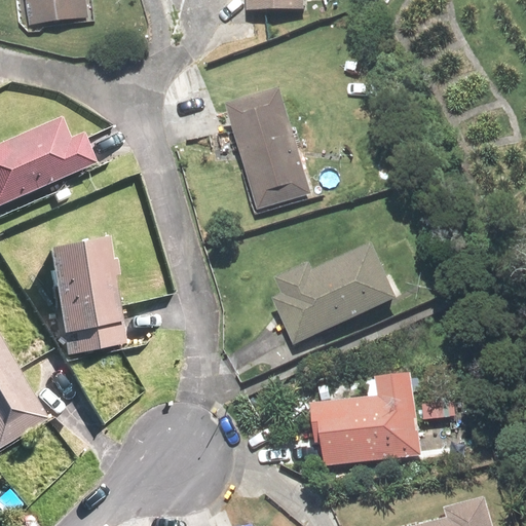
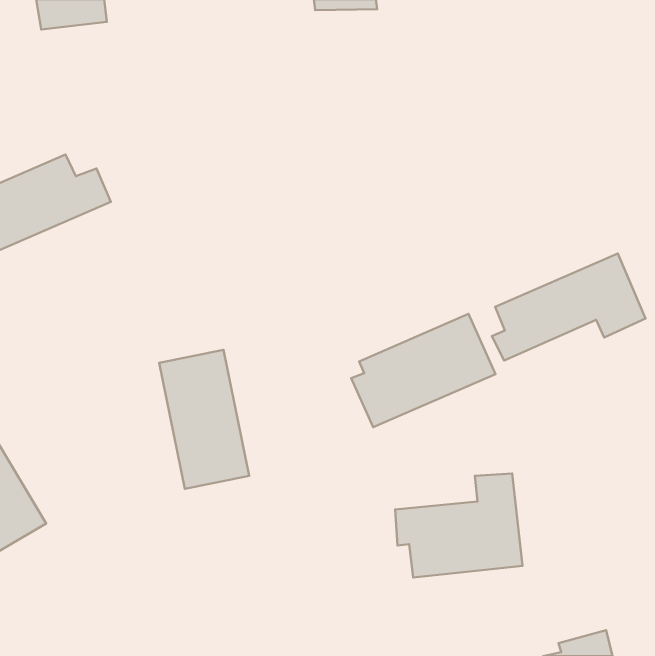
building: [231,96,307,206] -> none
building: none -> [492,253,646,361]
building: [47,239,119,350] -> [159,350,249,489]

